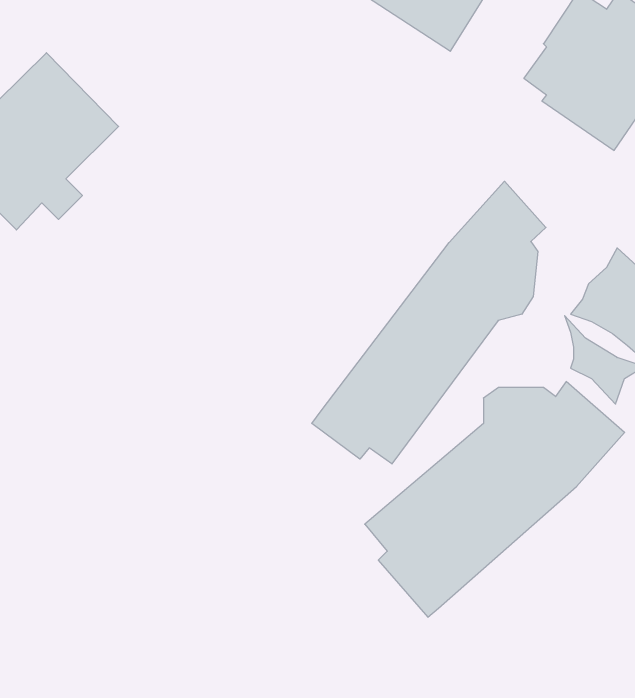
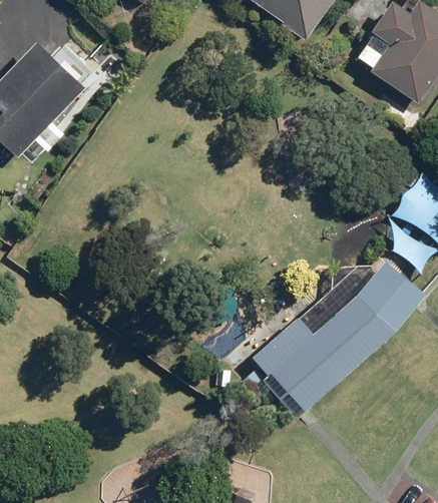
building: [312,181,546,464] -> none

